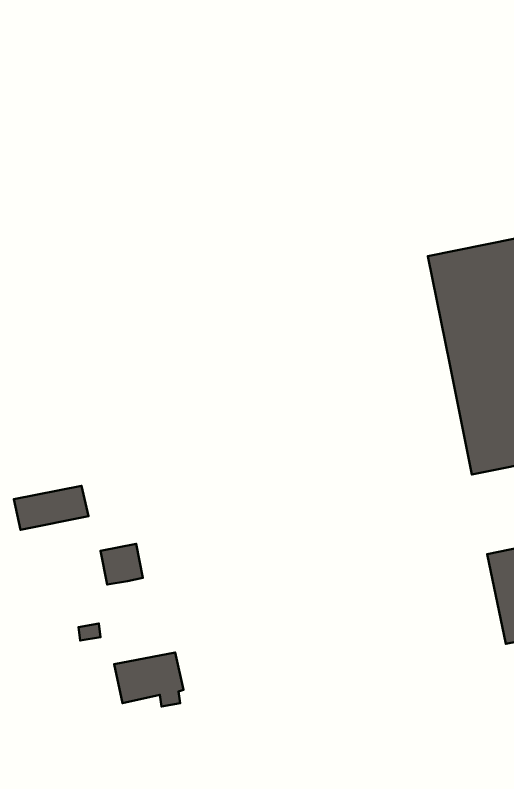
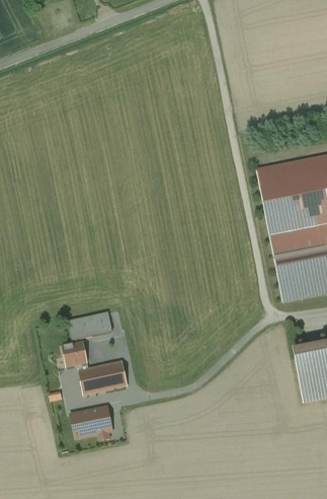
building: [14,486,88,530] -> [69,312,113,339]
building: none -> [79,361,128,395]

